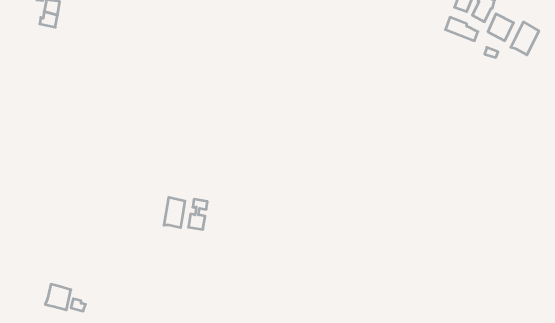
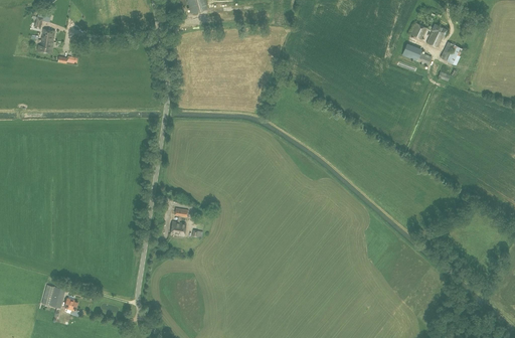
building: [511,22,539,55] -> none
building: [164,197,185,228] -> none

